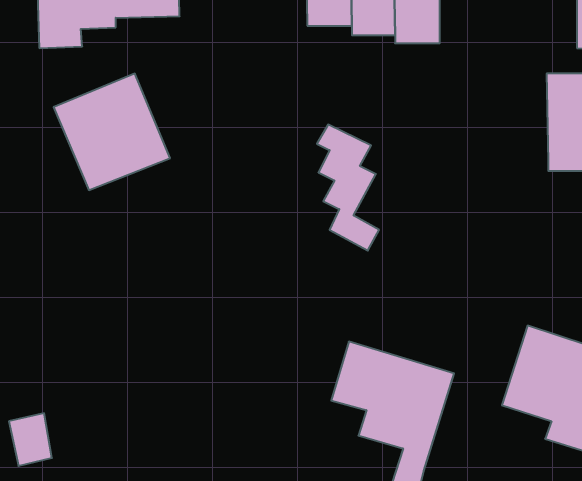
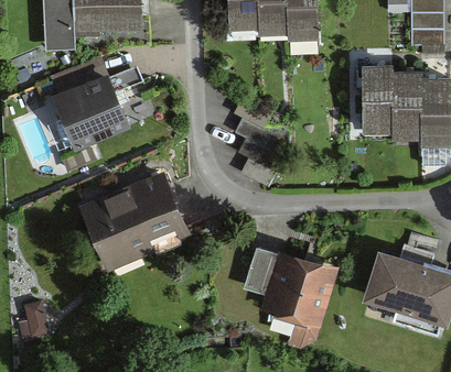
building: none -> [363,61,395,129]
building: none -> [77,174,185,269]

